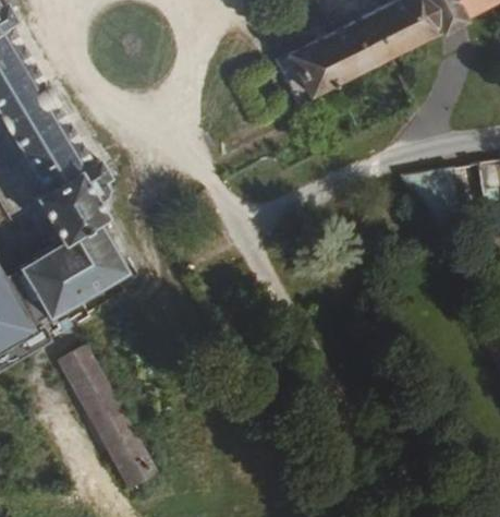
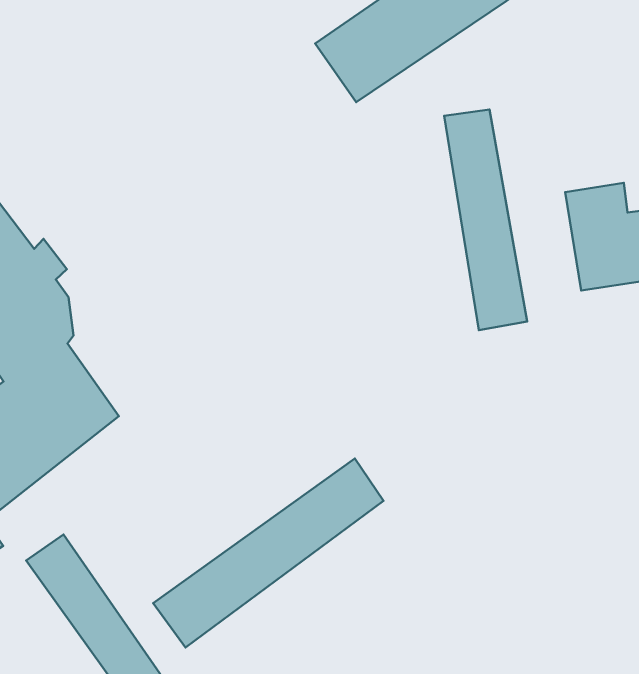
building: none -> [444,109,527,330]
building: none -> [153,459,384,647]

